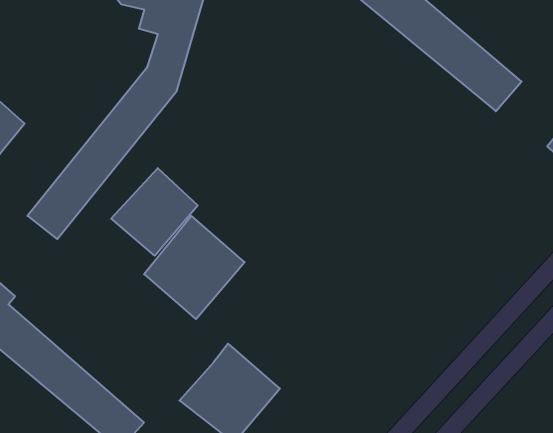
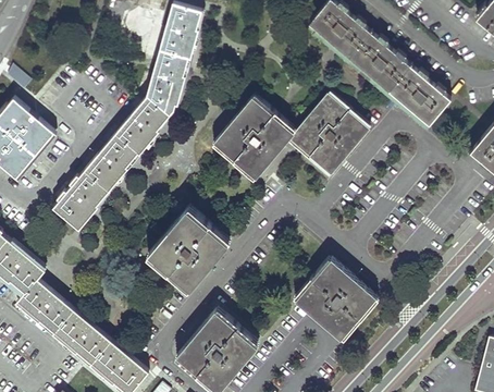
building: none -> [215,95,369,176]
building: [111,168,198,256] -> none
building: none -> [296,260,376,340]

